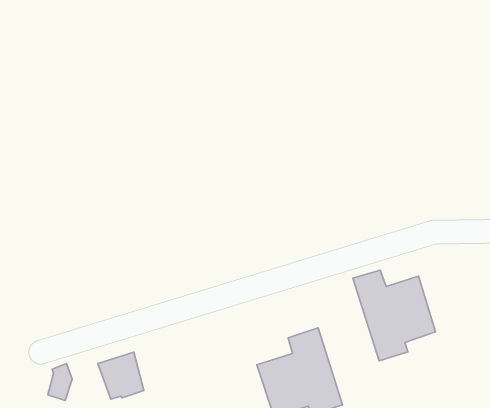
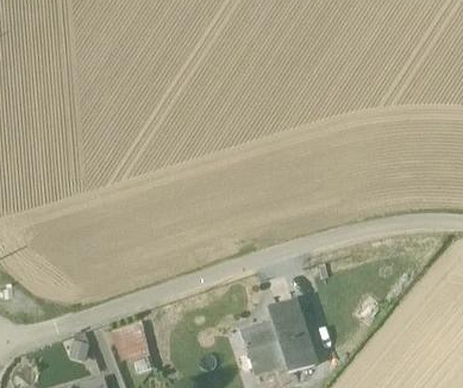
building: [353,270,436,361] -> none

